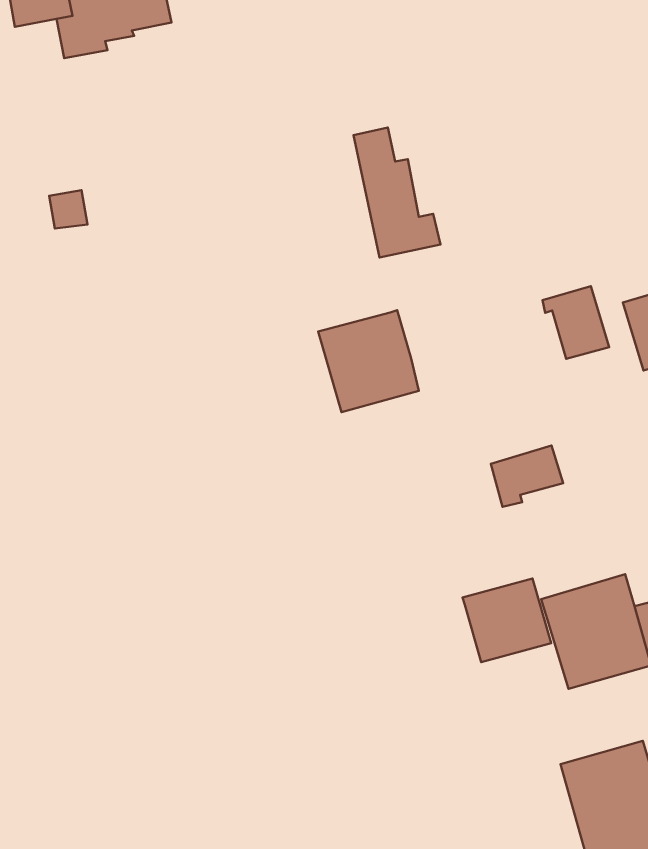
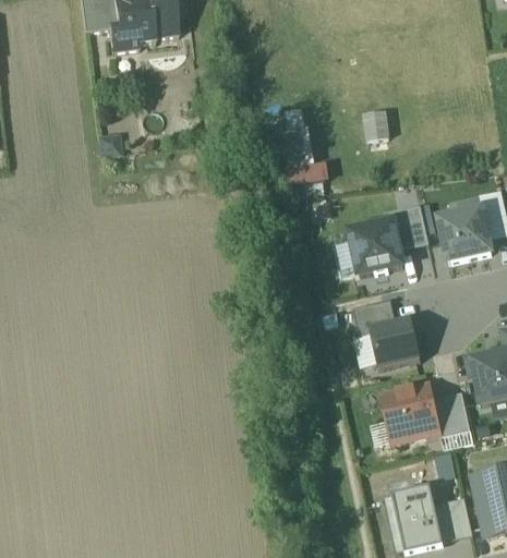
building: none -> [364,108,390,135]
building: [318,310,419,412] -> [347,220,405,279]
building: [463,579,551,662] -> [369,320,420,368]

